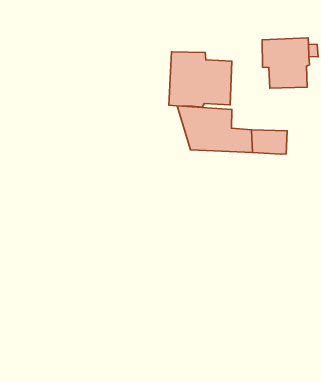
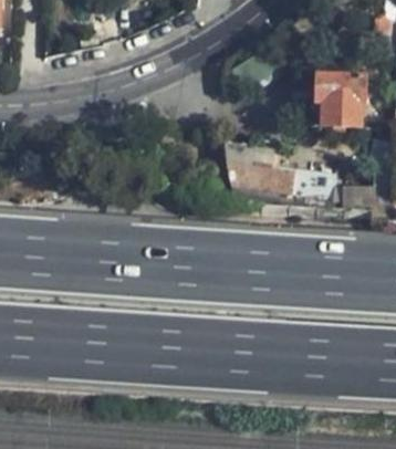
building: [169,52,232,107] -> none

